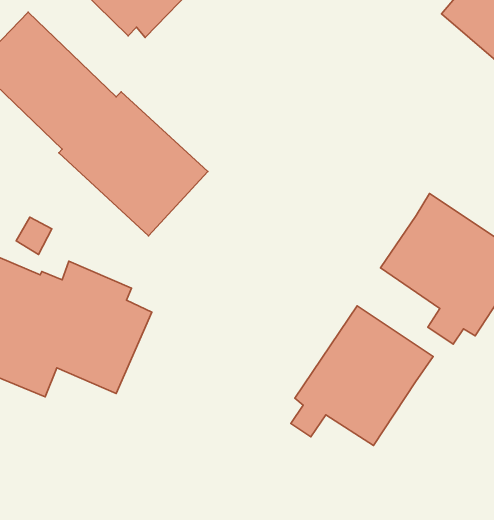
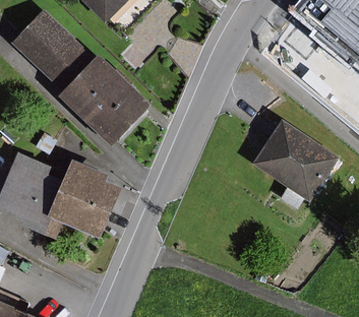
building: [291,306,433,445] -> none

